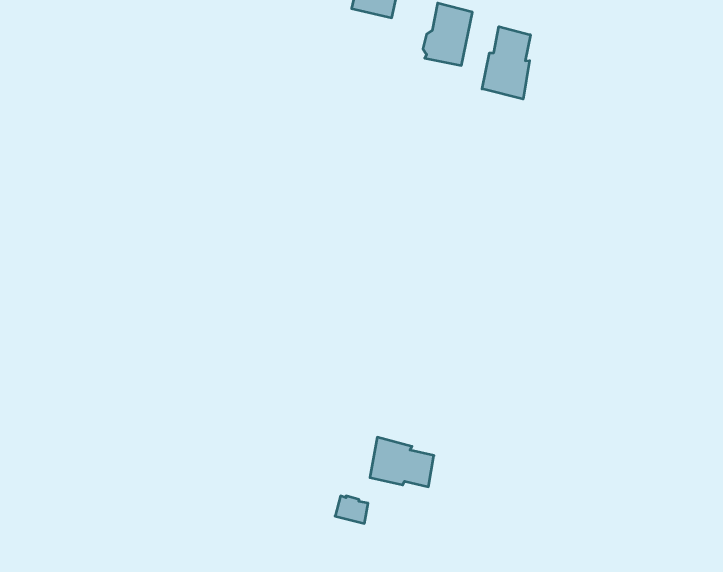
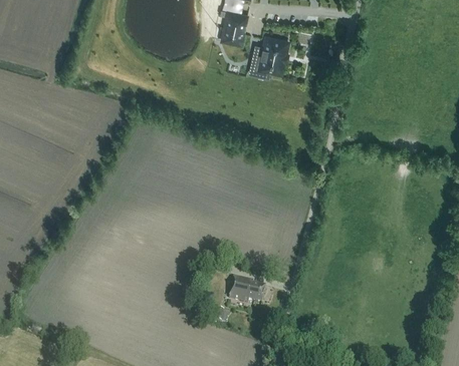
building: [482,27,530,99] -> none

